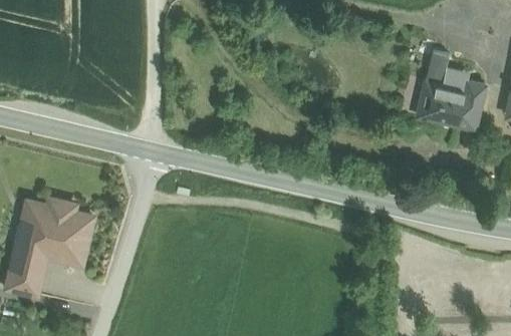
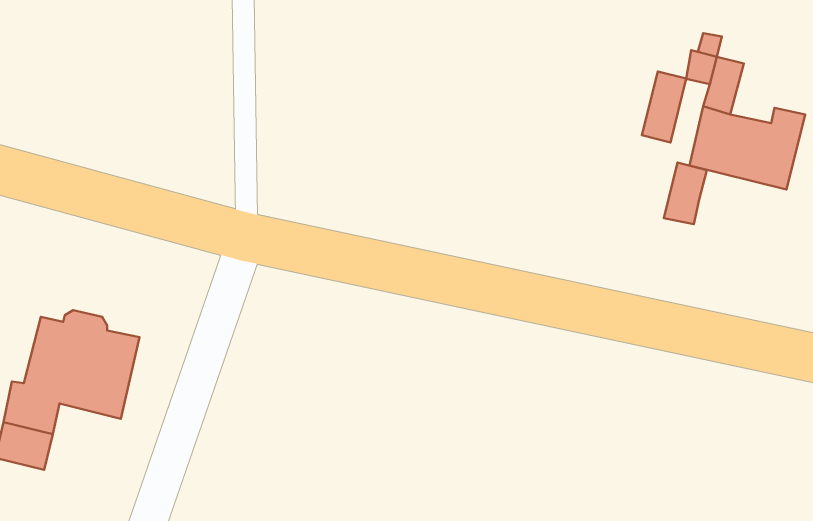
building: none -> [642,71,686,142]
building: none -> [664,162,707,224]

